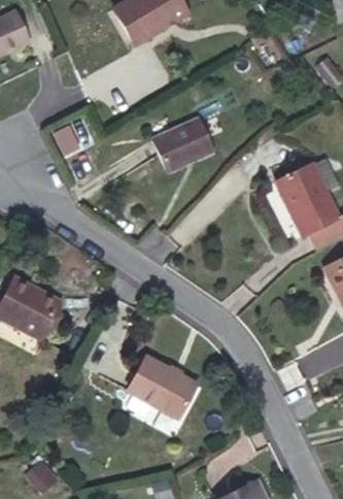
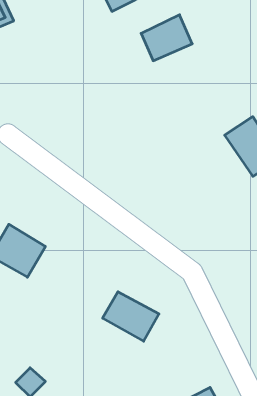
building: [150,113,212,169] -> [141,15,192,61]

